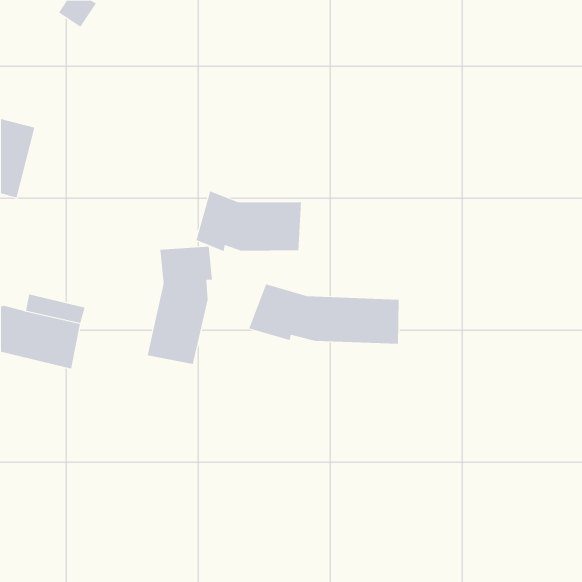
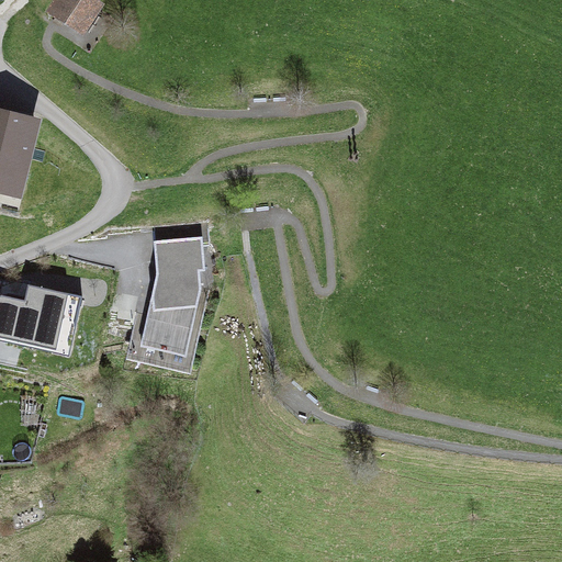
building: [196,190,302,252] -> none
building: [249,283,399,345] -> none

